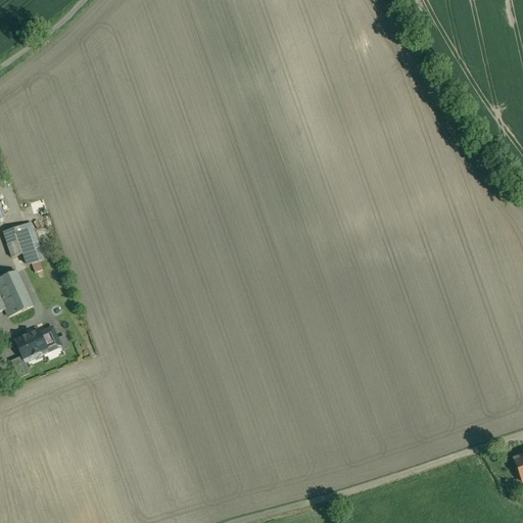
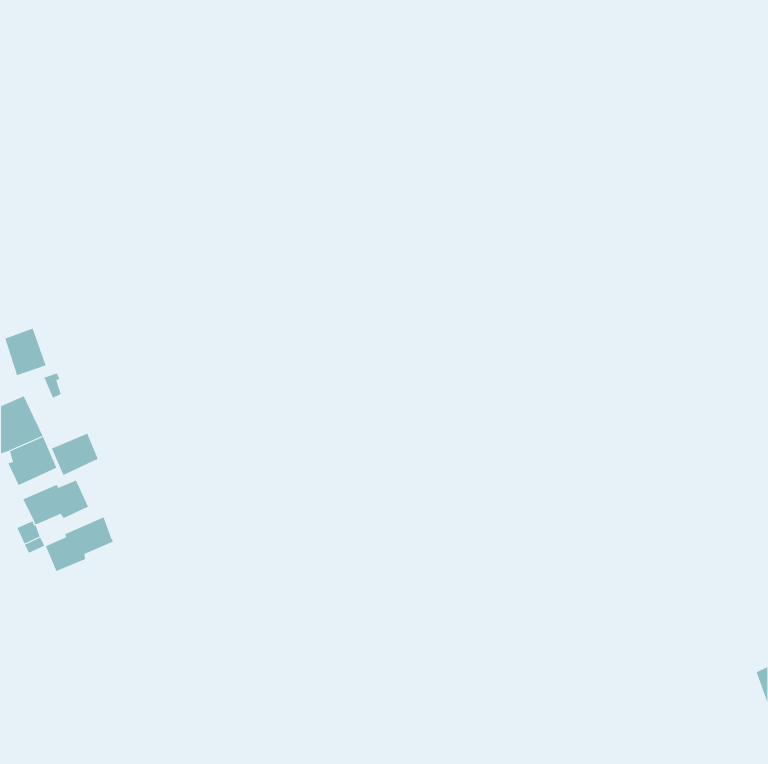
building: none -> [51,433,98,476]
building: none -> [45,517,114,572]

